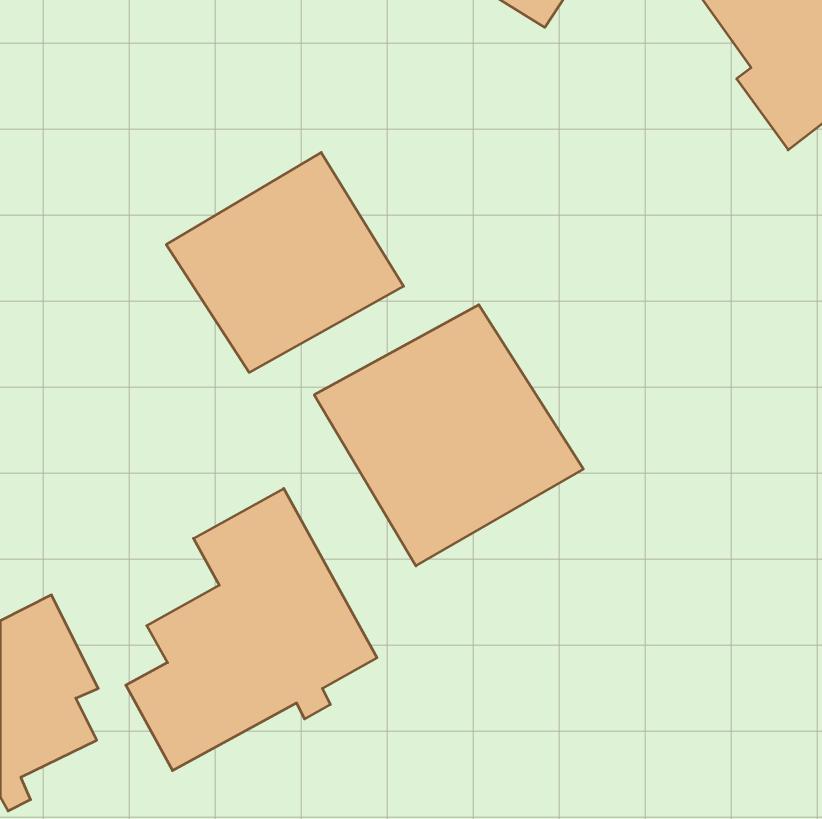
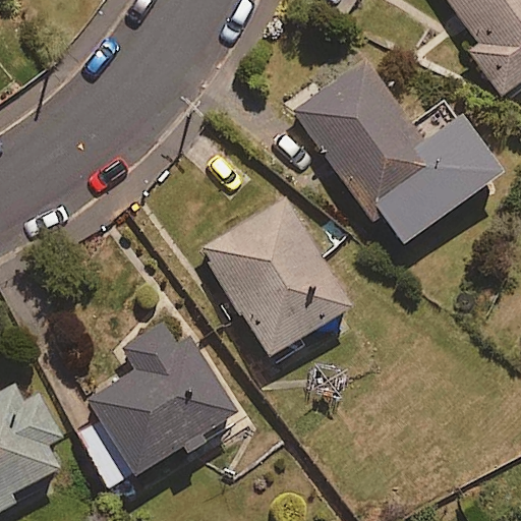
building: none -> [292,61,495,248]
building: [166,152,404,372] -> none

